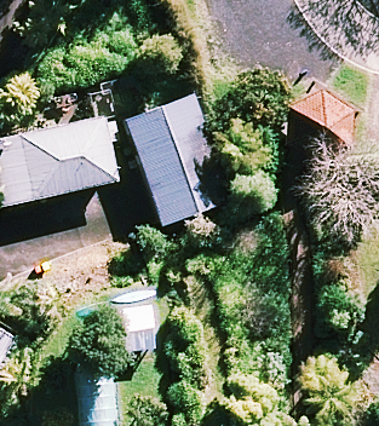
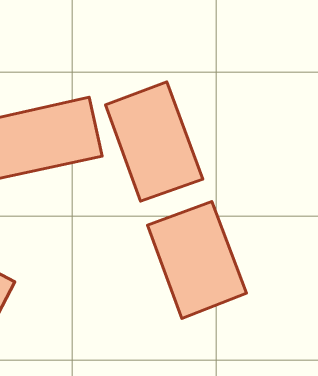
building: none -> [147,202,246,318]

